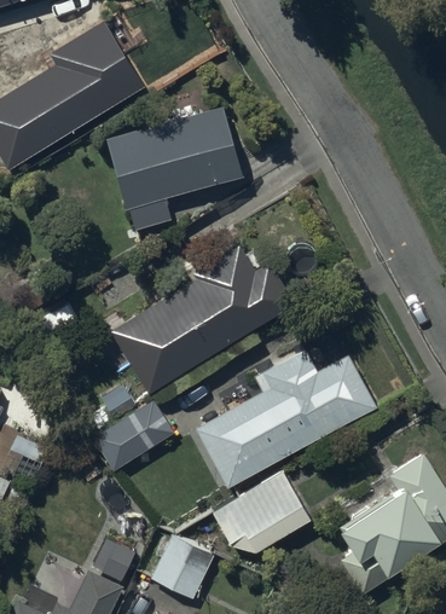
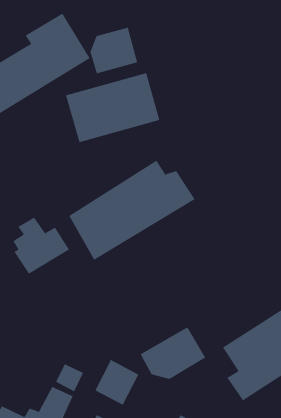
building: none -> [90,27,138,74]
building: [193,325,377,481] -> none
building: [93,393,175,476] -> [13,217,70,275]

